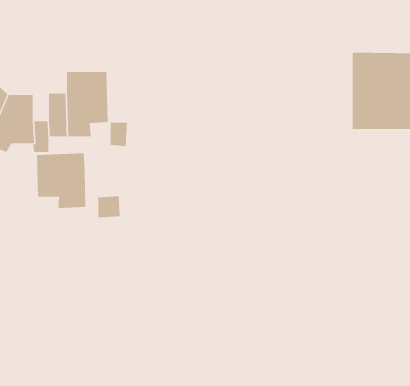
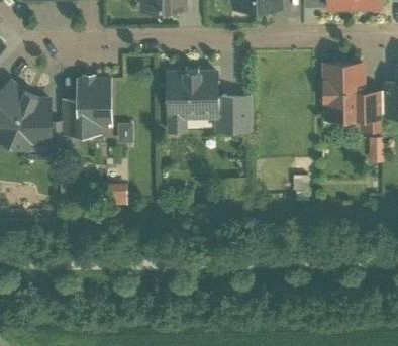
building: none -> [169,74,250,136]
building: [36,152,86,209] -> none

